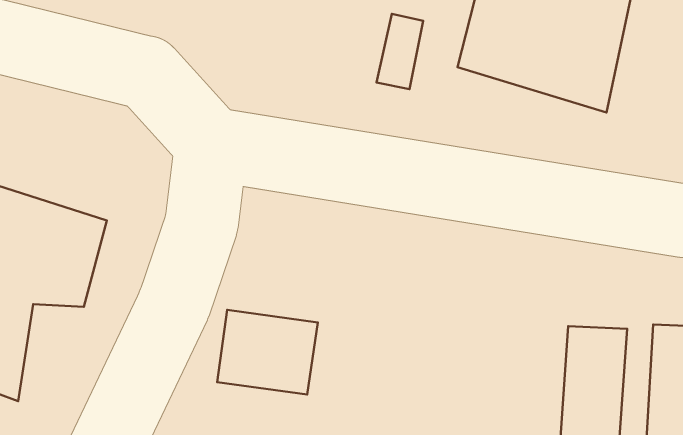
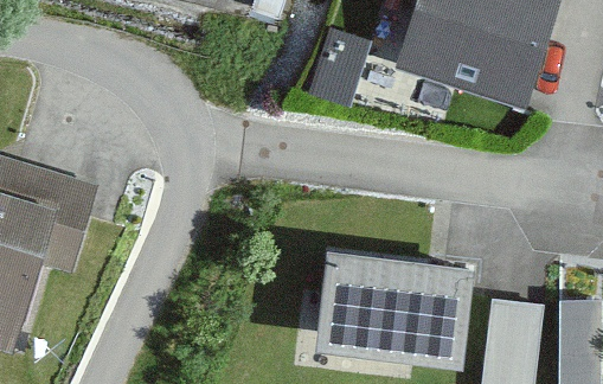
building: none -> [310,249,473,369]
building: [217,310,318,394] -> none

